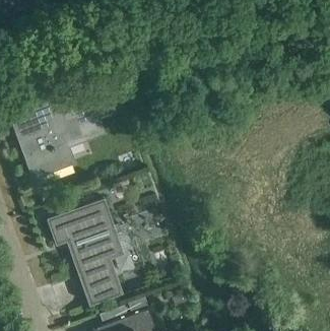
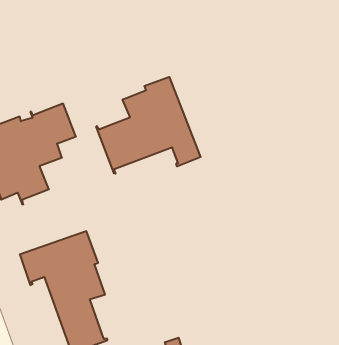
building: none -> [96,77,201,174]

